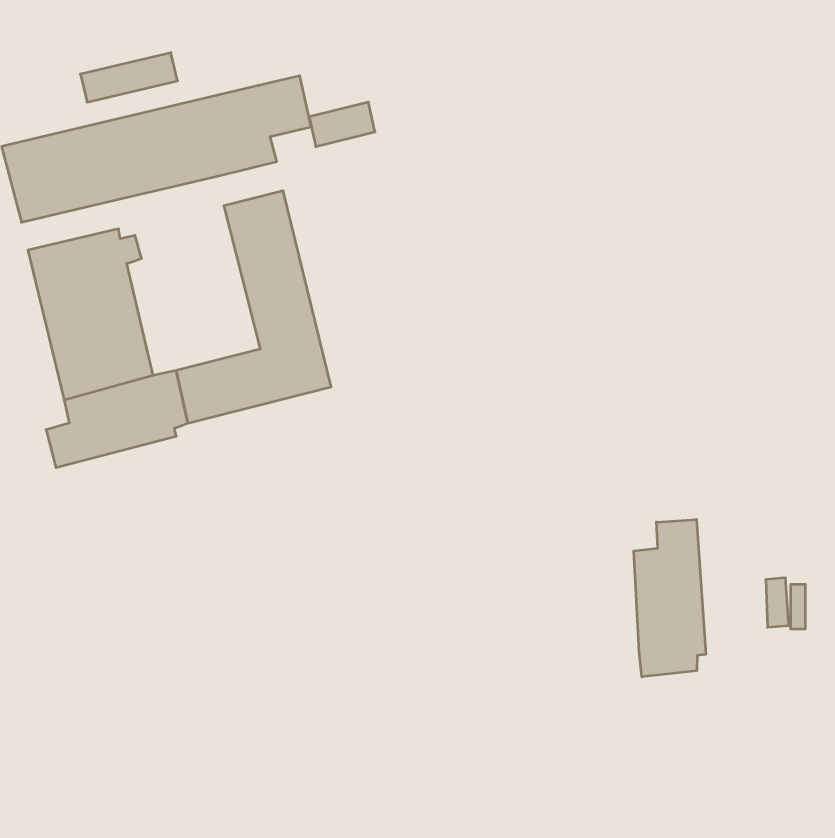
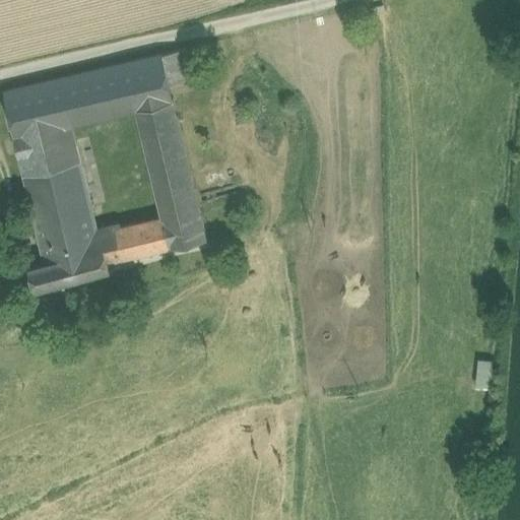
building: [80,53,178,102] -> [13,126,73,156]
building: [309,102,375,147] -> [134,102,175,129]
building: [634,519,706,677] -> none

